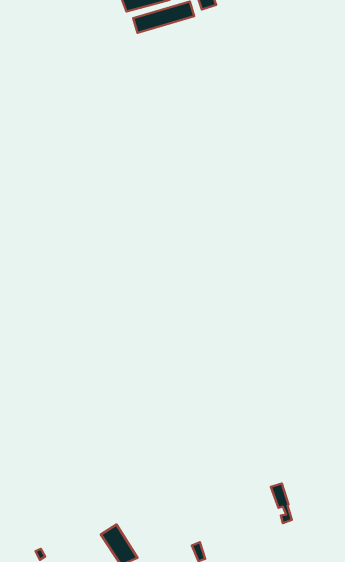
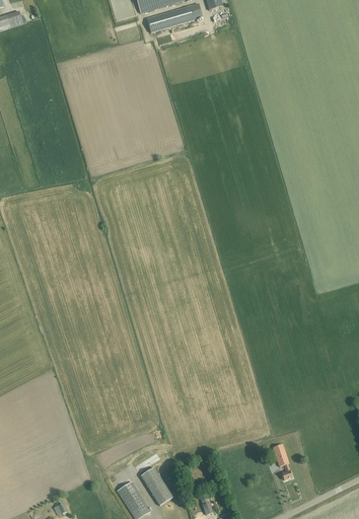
building: none -> [140,466,172,505]

